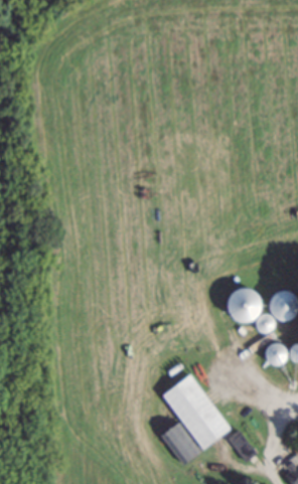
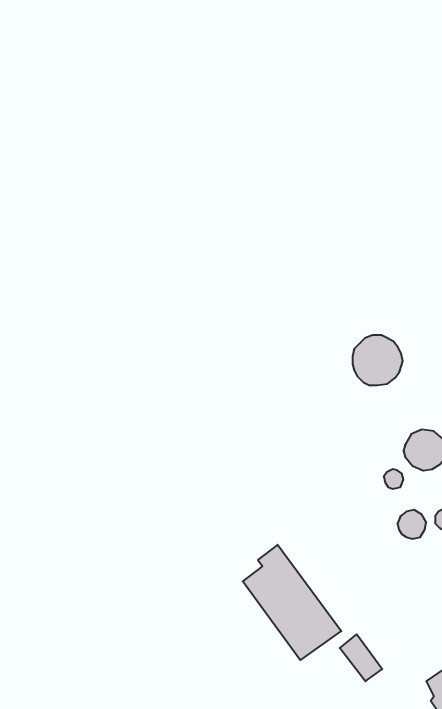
building: [227,290,260,323] -> [353,335,403,385]
building: [163,421,201,464] -> none

